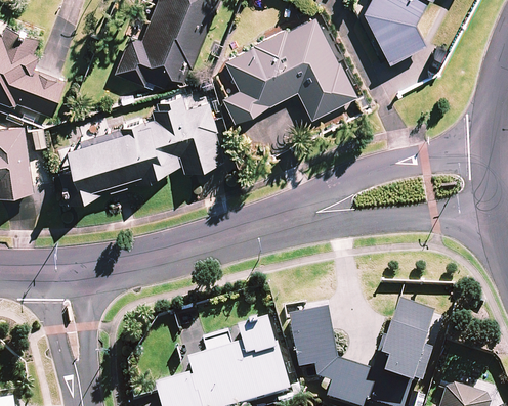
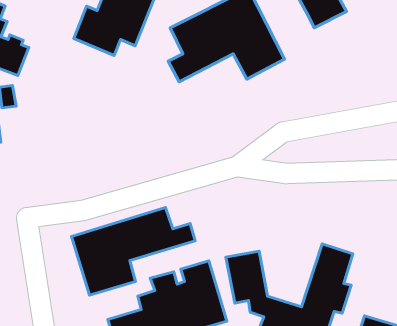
building: [59,88,224,201] -> none
building: none -> [71,208,195,295]

